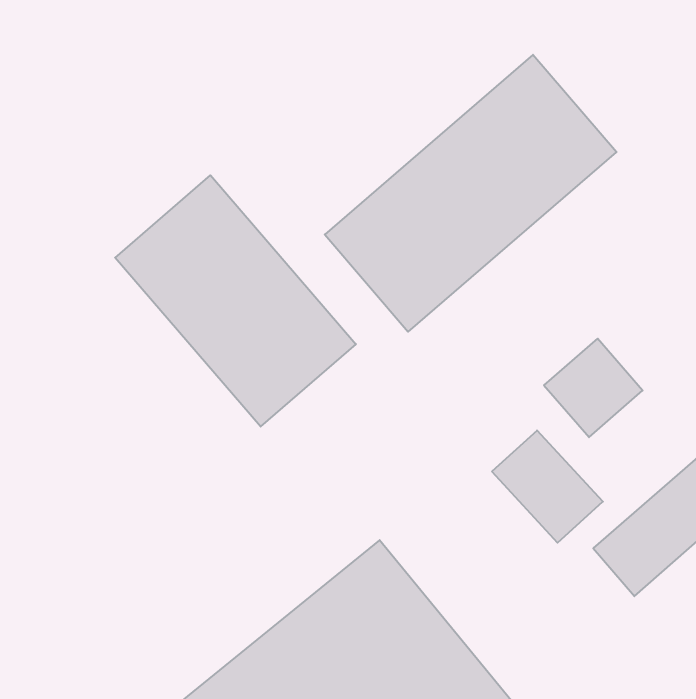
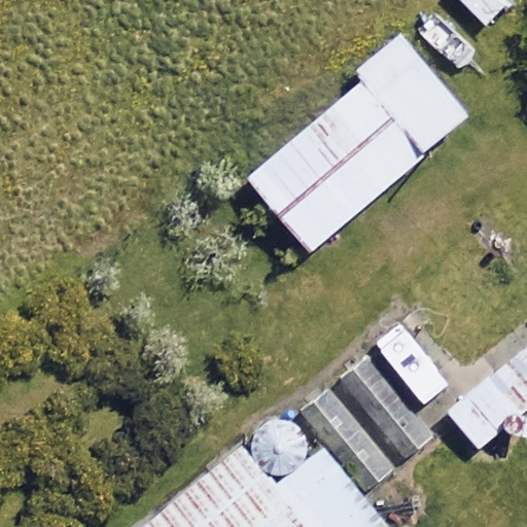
building: [115,175,356,427] -> none
building: none -> [308,361,431,486]

